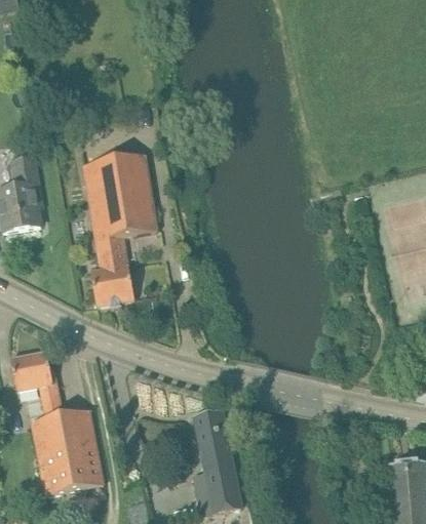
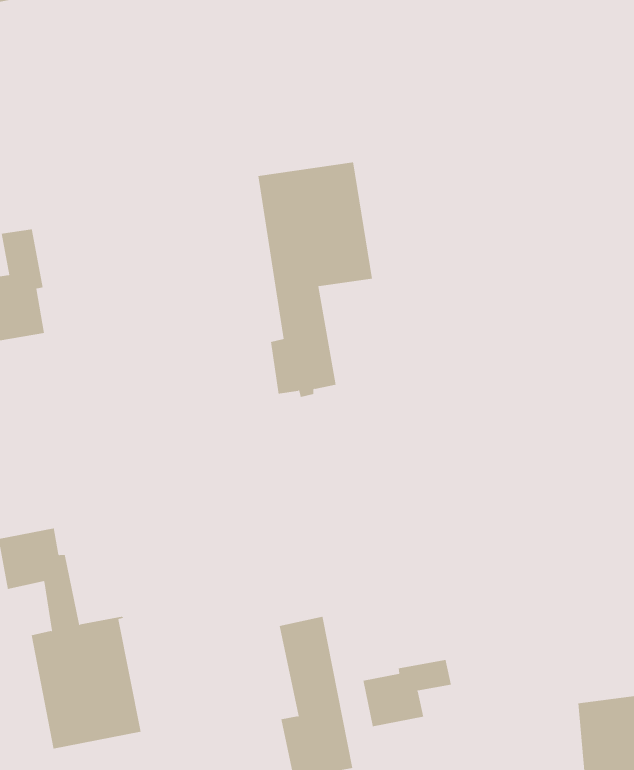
building: [82,154,157,307] -> [257,162,373,397]
building: none -> [363,659,452,727]

